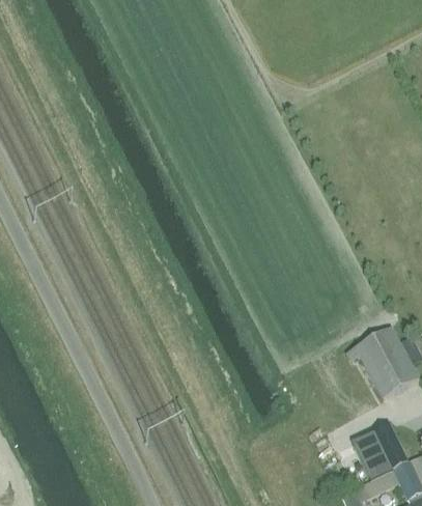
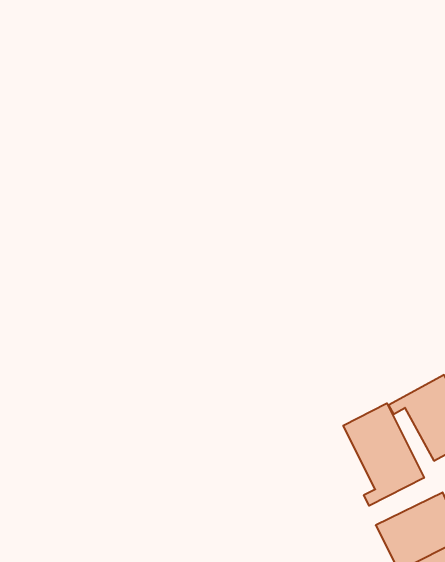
building: none -> [343,403,424,506]

